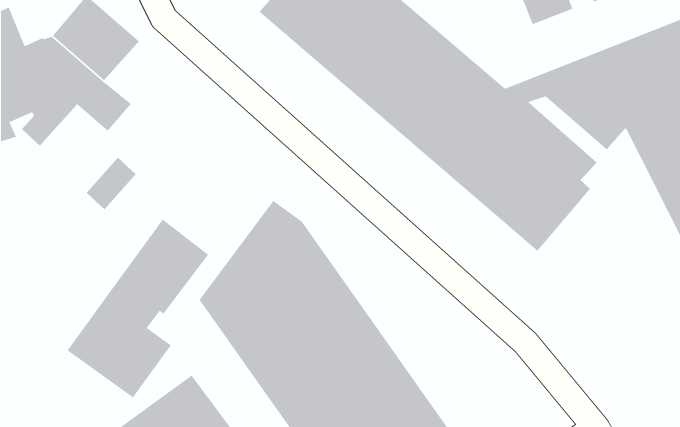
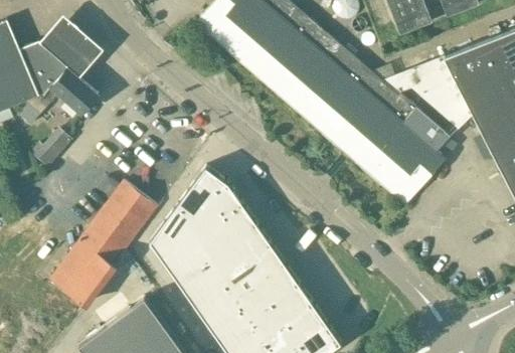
building: [86,157,137,210] -> [33,127,71,167]

